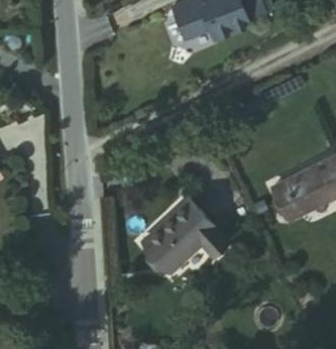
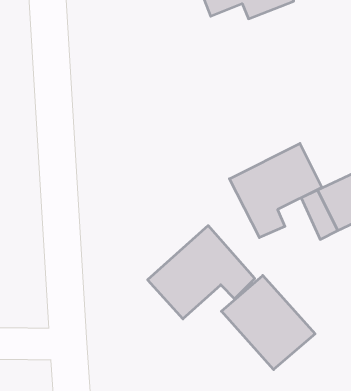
building: none -> [229,143,322,238]
building: none -> [221,275,315,370]

